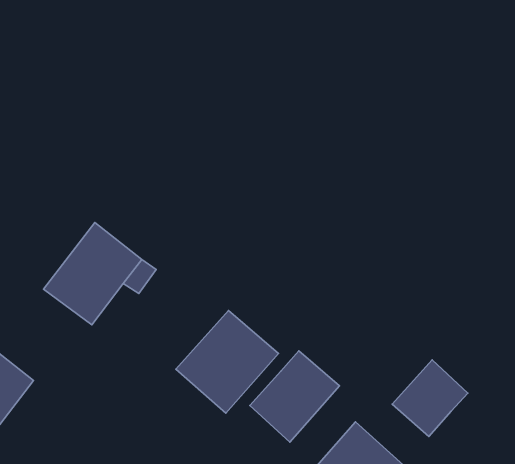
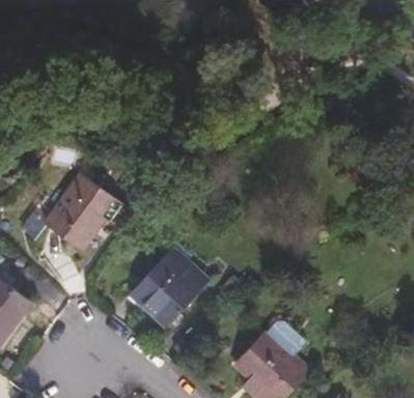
building: [250,351,340,442] -> none
building: [392,360,468,436] -> none

